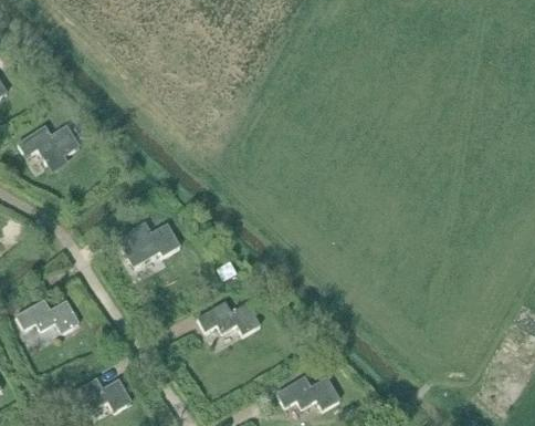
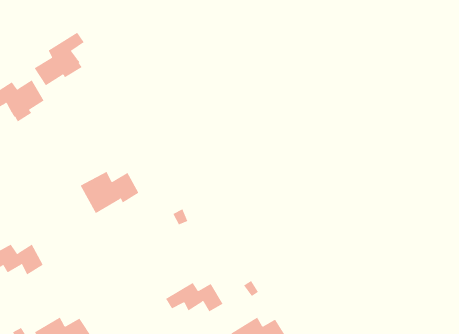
building: none -> [34,32,84,86]
building: [197,302,259,334] -> [165,282,223,312]

